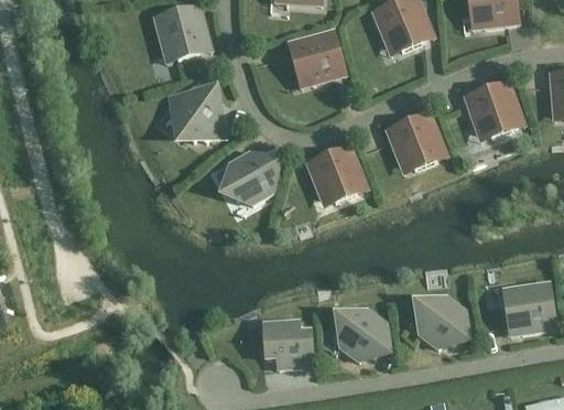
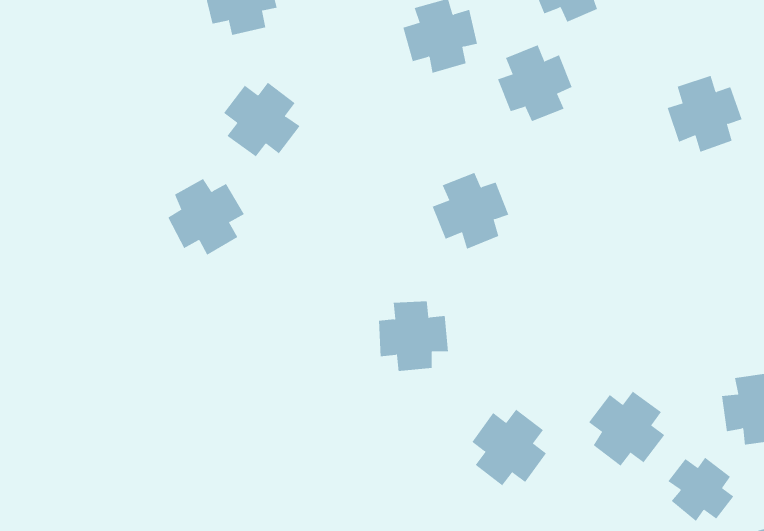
building: [391,116,442,168] -> [497,45,573,122]
building: [225,151,276,203] -> [167,178,245,255]
building: [264,320,312,367] -> [378,301,449,372]
building: none -> [668,457,734,522]

